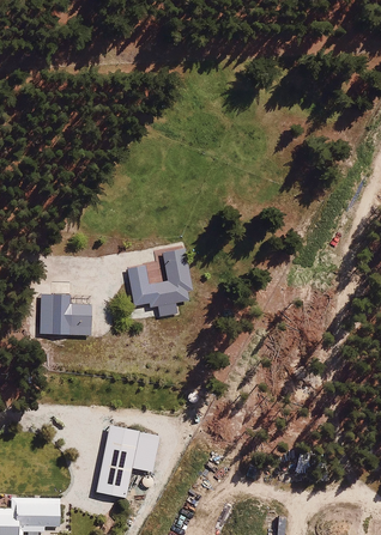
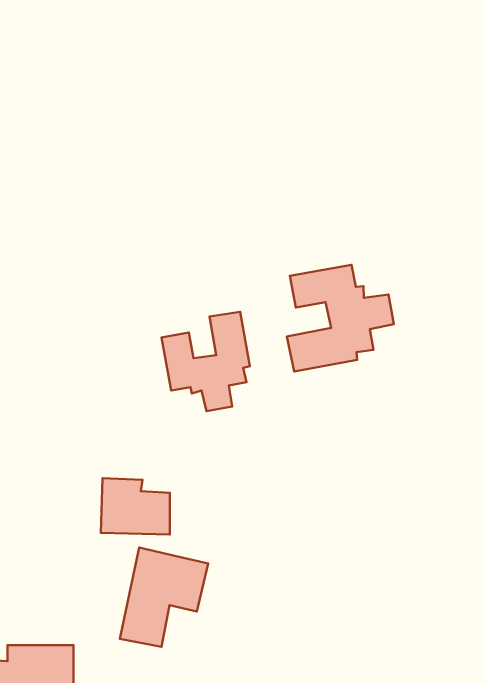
building: none -> [287,265,394,372]
building: [40,293,91,335] -> [101,478,170,534]

